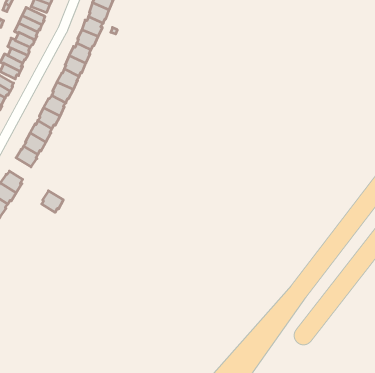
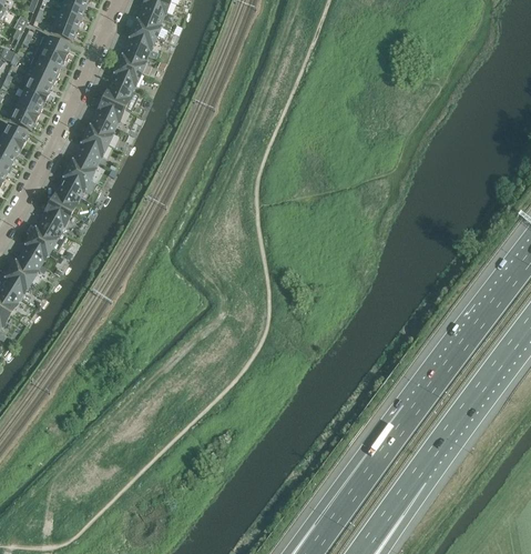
building: [42,191,63,212] -> [23,233,52,262]

